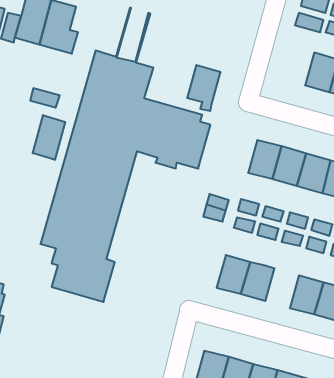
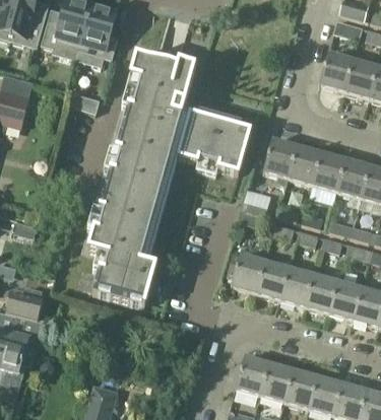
building: none -> [320,51,354,90]
building: [187,65,221,111] -> [263,138,297,184]
building: [33,115,65,160] -> none
building: none -> [228,251,267,292]
building: none -> [305,273,338,312]

